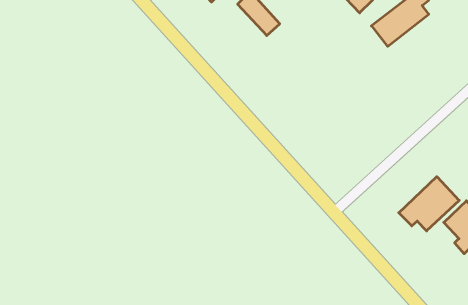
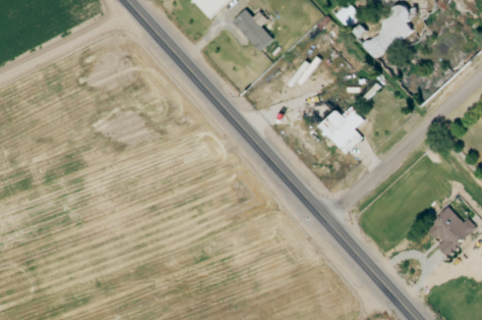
building: none -> [319,105,364,154]
building: [399,177,459,231] -> none

